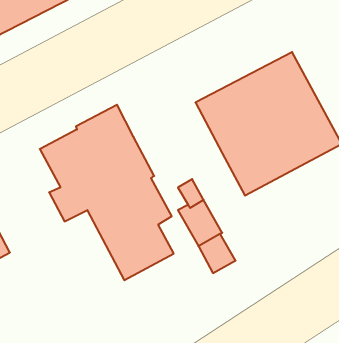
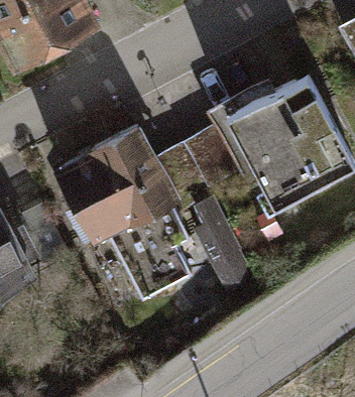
building: none -> [153,128,240,216]

